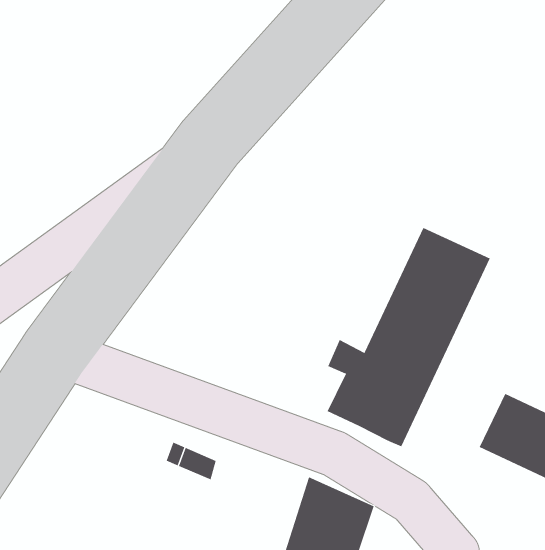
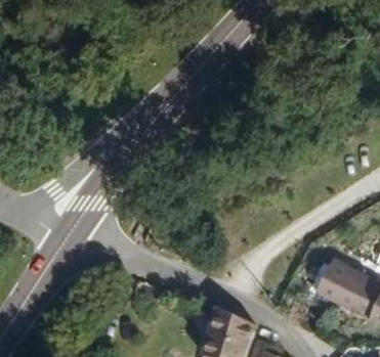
building: [327,227,490,447] -> none

